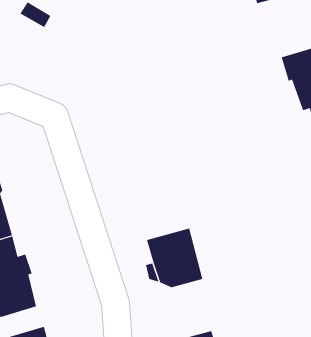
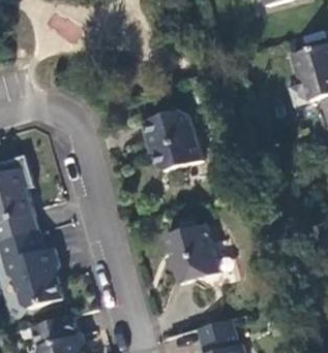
building: none -> [142,106,203,167]

